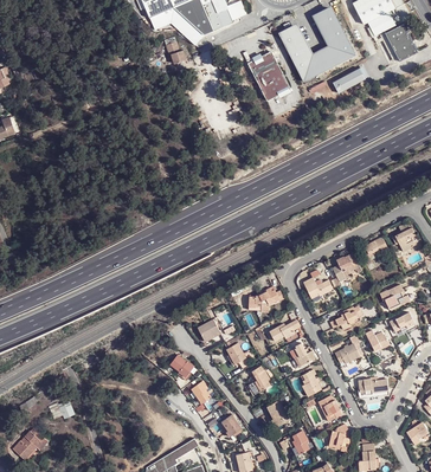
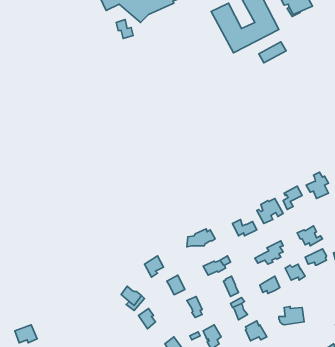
building: [384,25,417,62] -> none
building: [246,51,290,102] -> none

